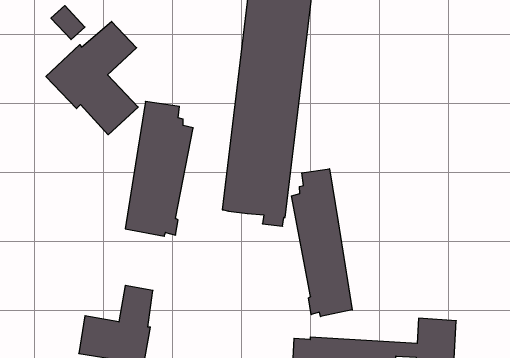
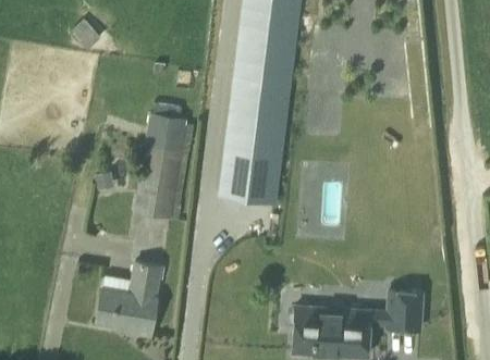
building: [46,21,138,135] -> none
building: [292,169,352,317] -> none

